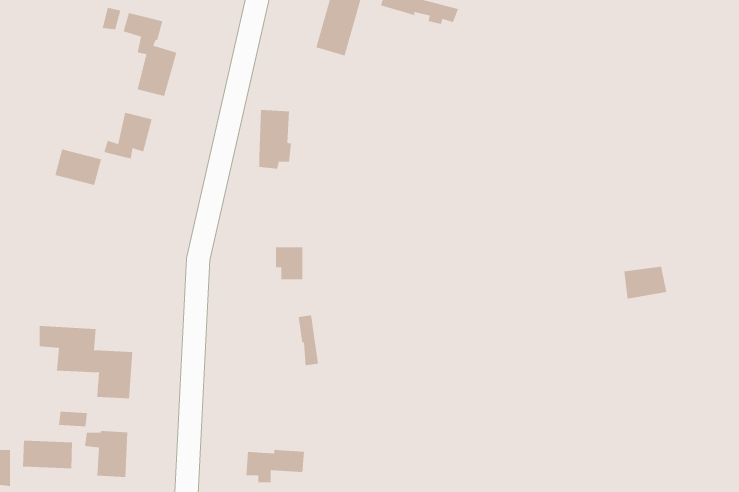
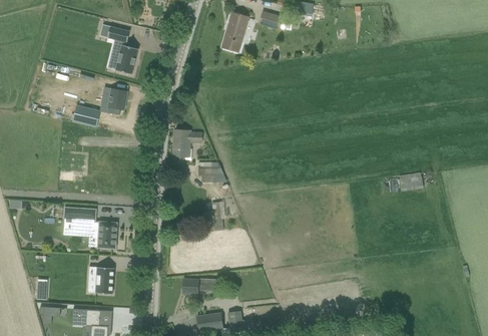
building: [258,110,292,169] -> [172,129,191,163]
building: [23,440,73,469] -> none

